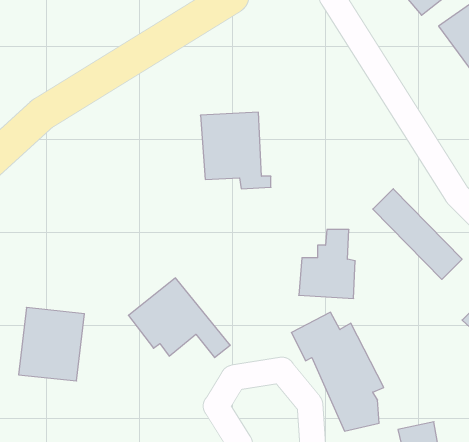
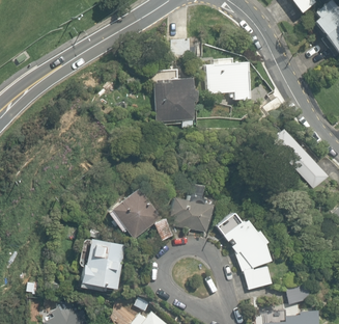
building: none -> [206,62,255,103]
building: [299,230,355,298] -> [171,185,208,231]
building: [19,307,84,381] -> [81,241,124,290]

